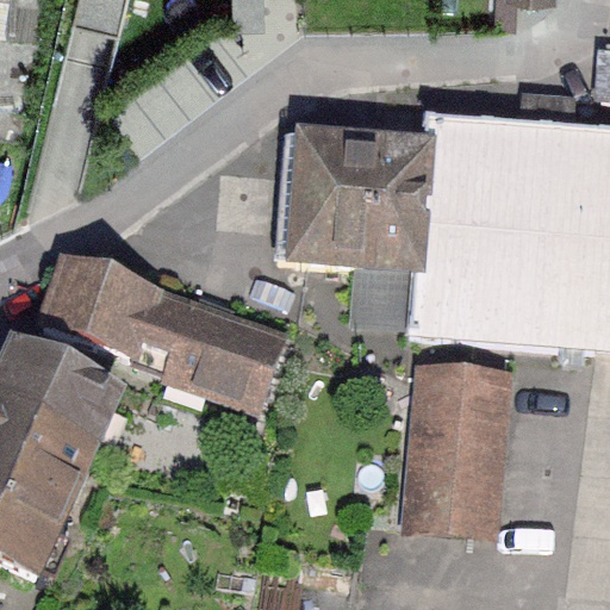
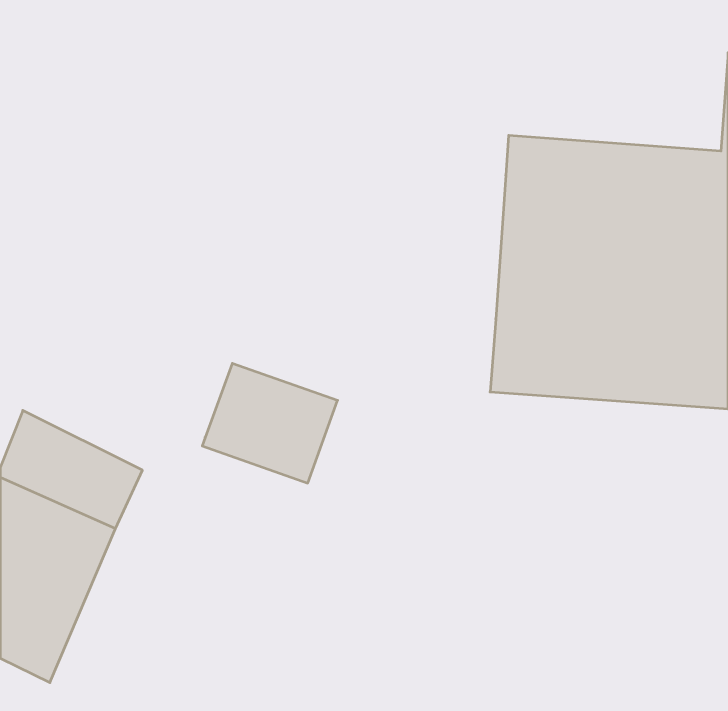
building: [287,137,423,267] -> none
building: [46,259,194,366] -> none
building: [410,372,510,525] -> none

